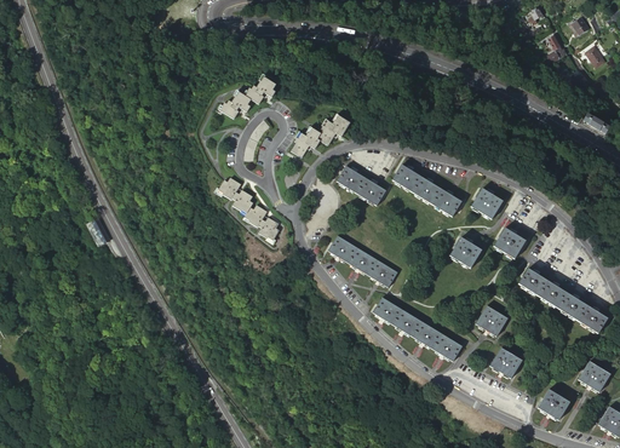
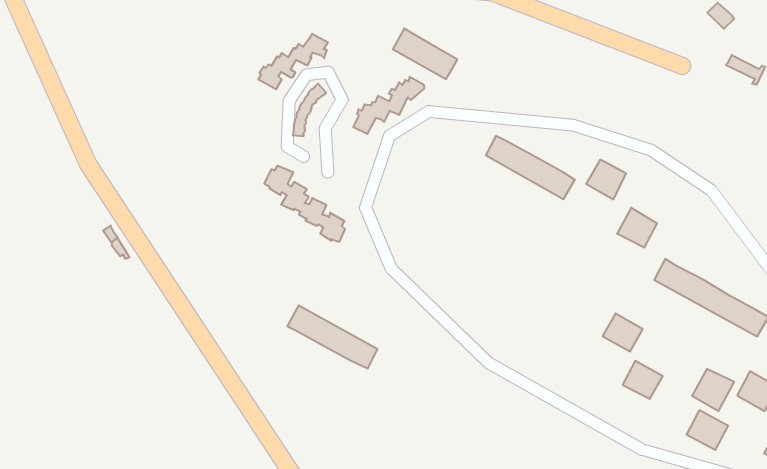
building: [335,165,385,206] -> [393,28,457,79]
building: [327,234,396,286] -> [287,305,378,369]
building: [448,236,481,268] -> none
building: [372,295,460,358] -> none
building: none -> [692,369,734,411]

